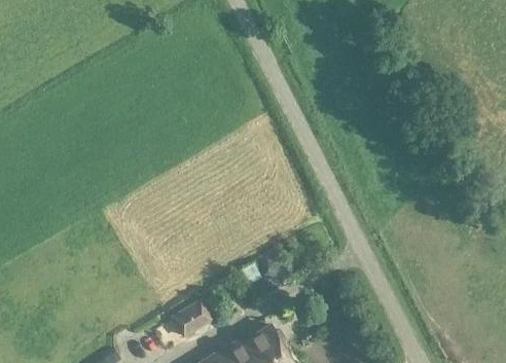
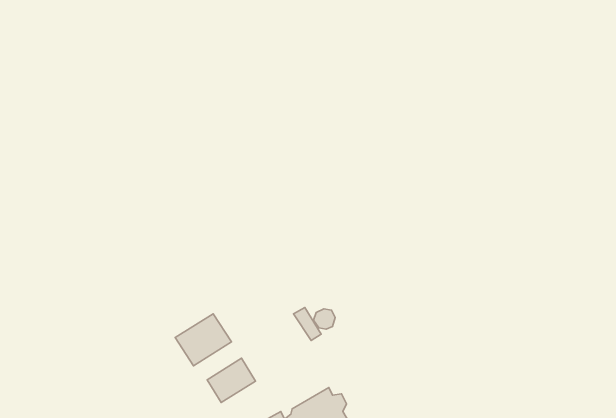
building: none -> [175,314,231,366]

